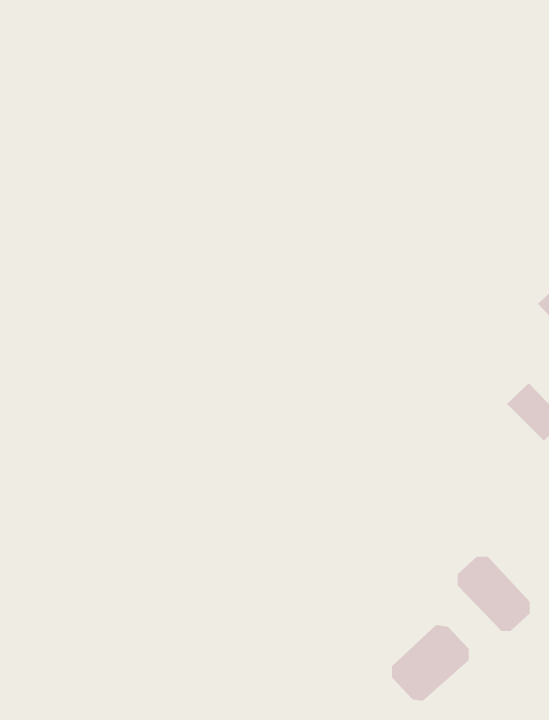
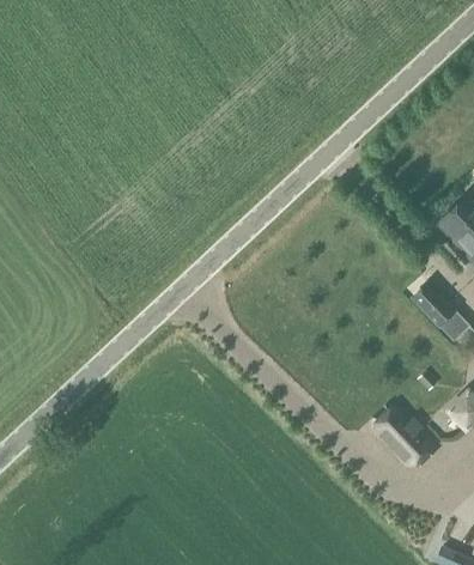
building: [392,624,469,702] -> none

